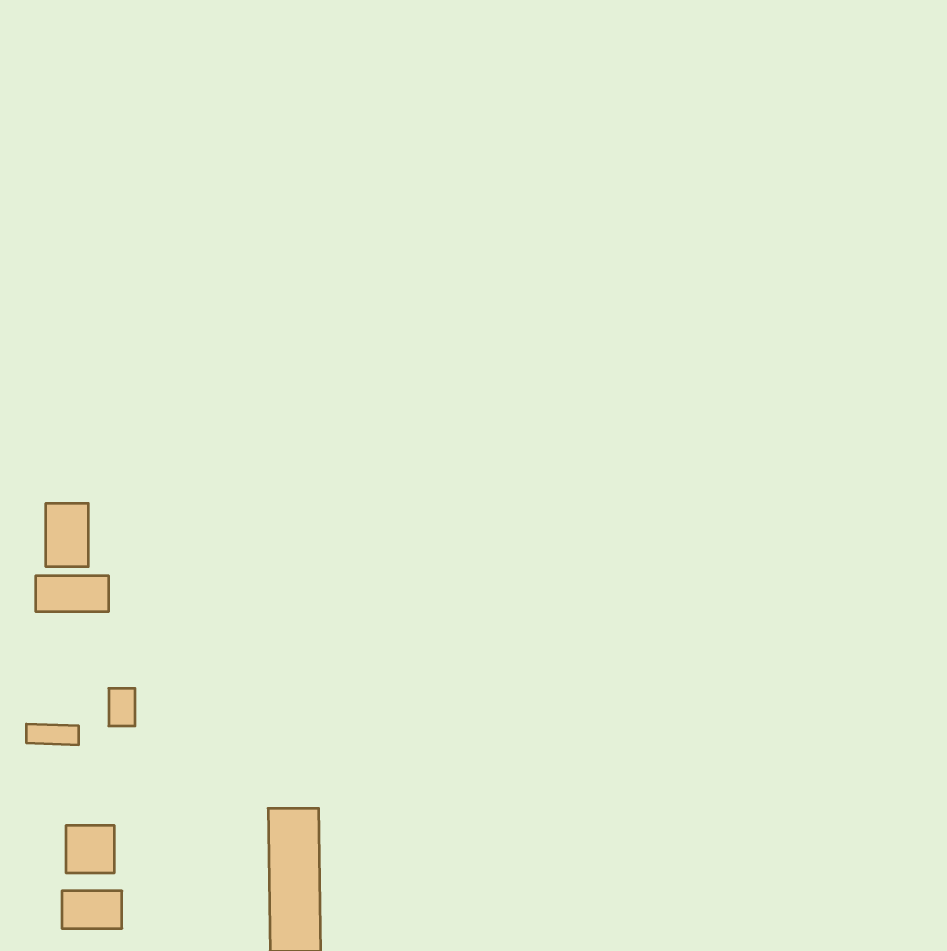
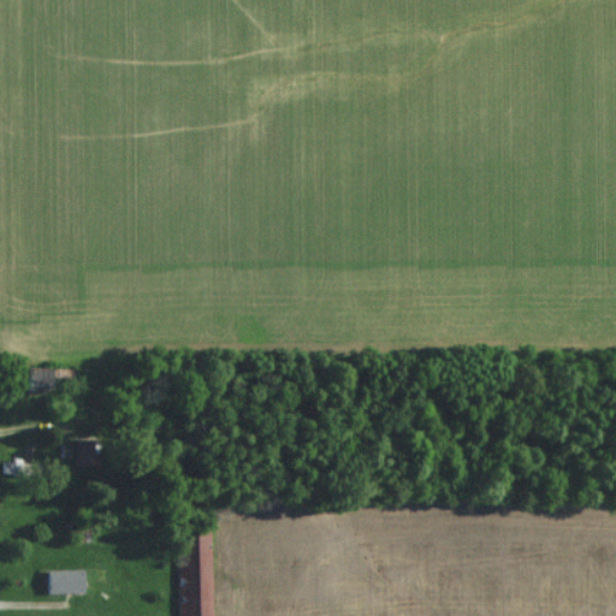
building: [46,503,88,567] -> none
building: [66,825,114,873] -> none

